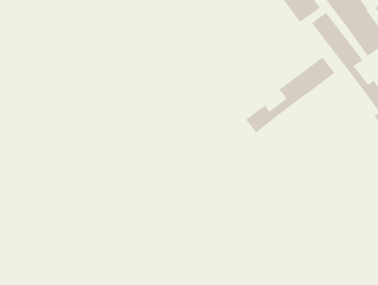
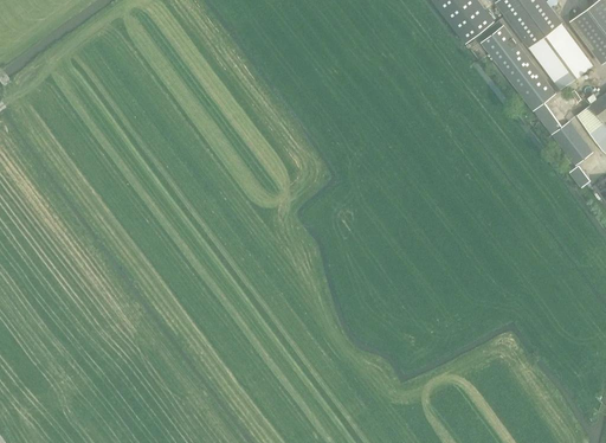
building: [245,57,336,133] -> none

